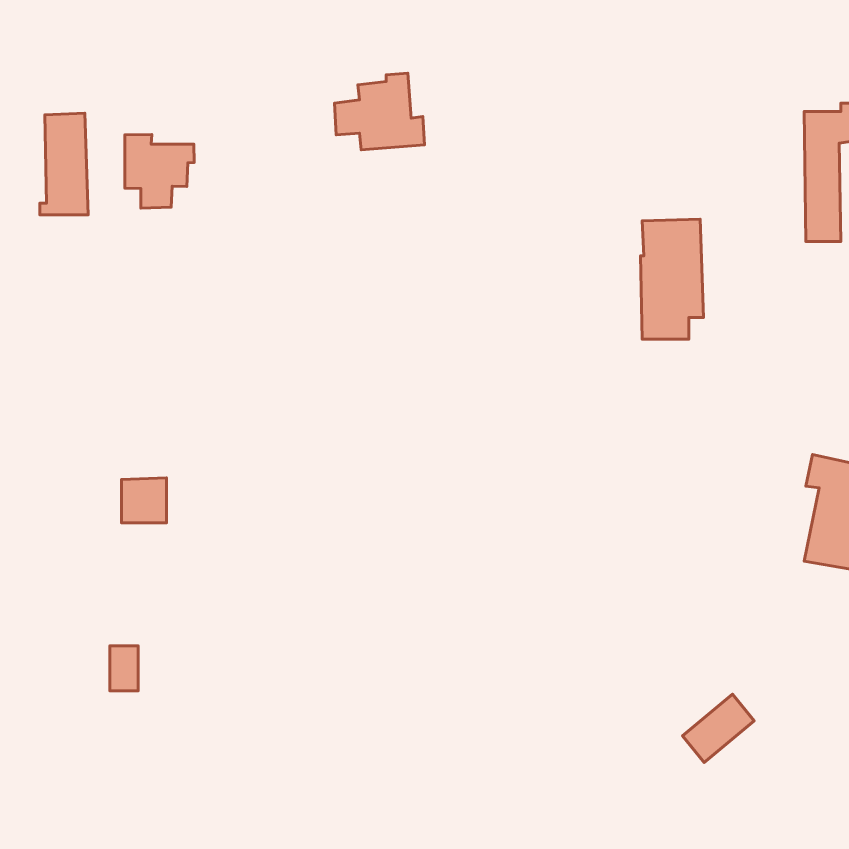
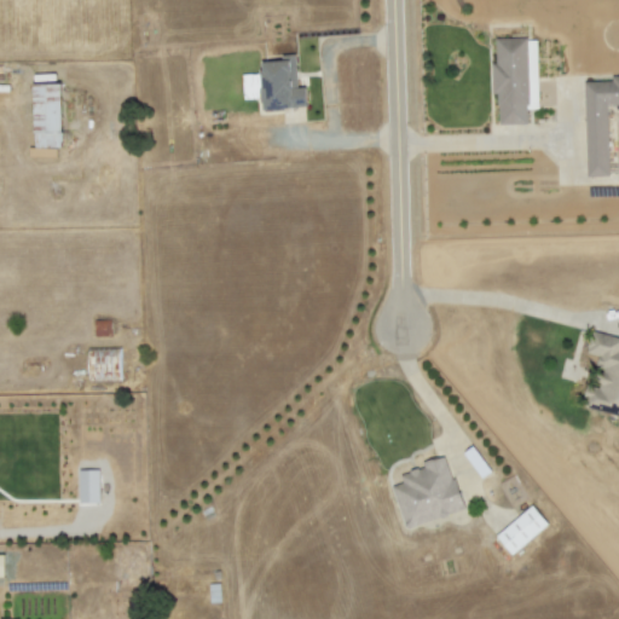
building: [125,134,194,208] -> none
building: [640,219,704,339] -> [494,36,540,123]
building: none -> [392,453,465,528]

